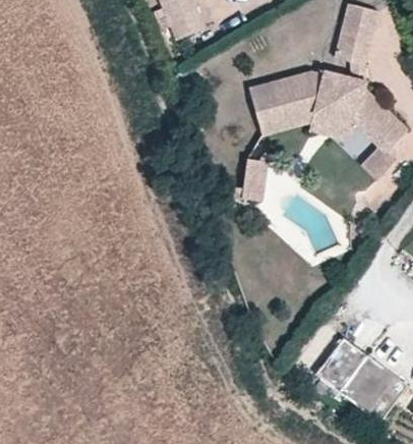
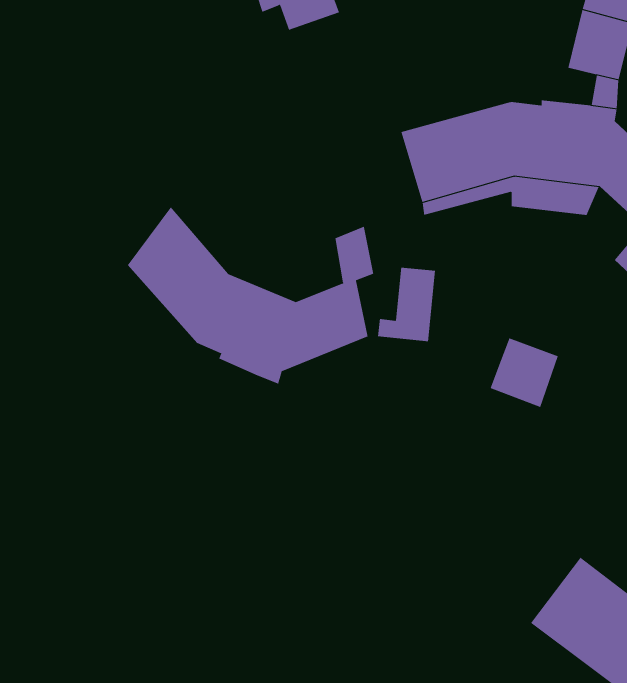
building: none -> [127,206,374,385]
building: none -> [490,337,559,408]

